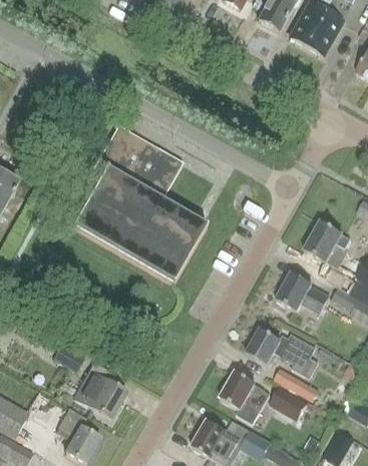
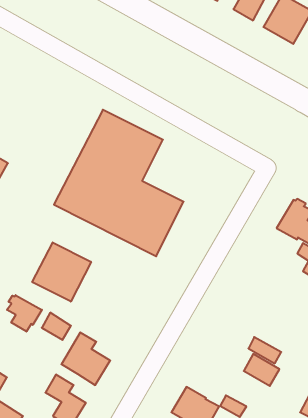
building: none -> [32,242,91,302]
building: [277,273,329,313] -> none
building: none -> [7,295,42,332]
building: [247,329,316,365] -> none
building: [221,372,270,423] -> none

